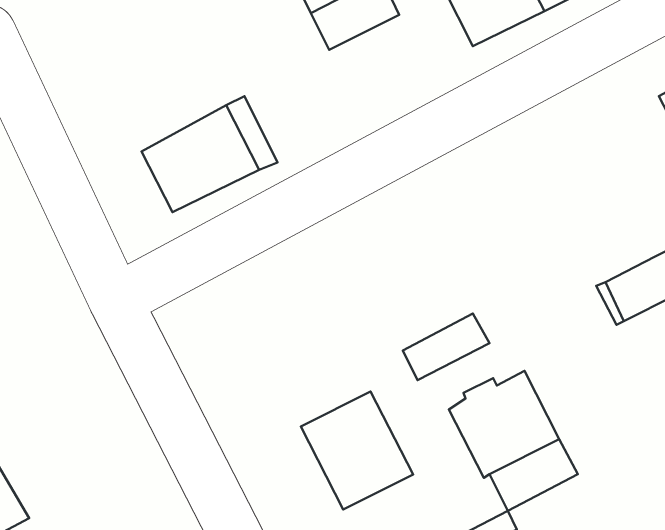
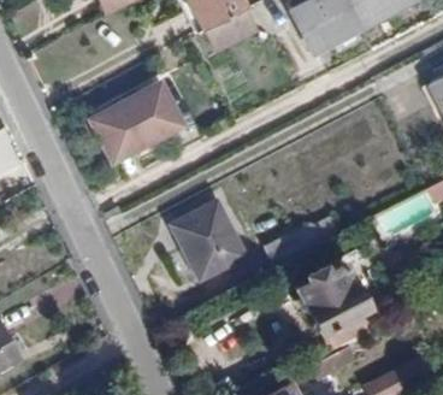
building: [301,392,413,510] -> [171,201,244,278]

